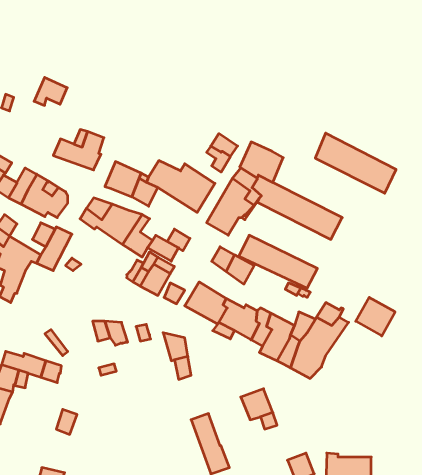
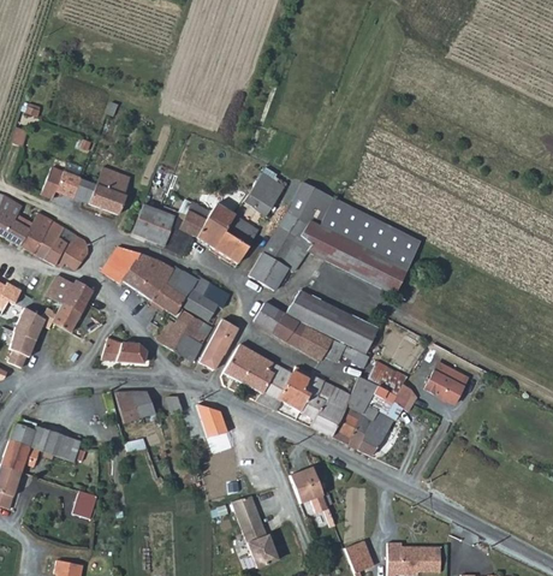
building: [34,77,67,105] -> [41,166,79,198]
building: [315,133,396,193] -> [326,200,420,269]
building: none -> [172,271,212,297]
building: none -> [207,319,238,355]
building: none -> [292,325,332,362]
building: none -> [102,338,145,362]

